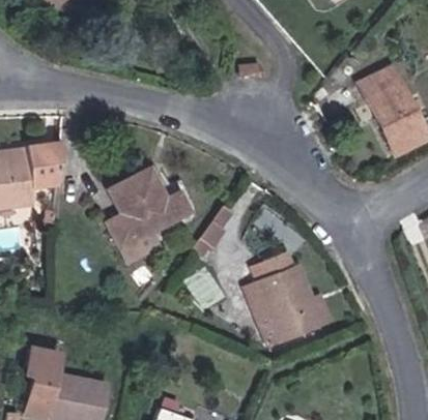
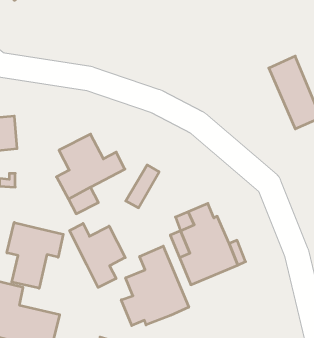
building: none -> [7,222,63,288]
building: none -> [70,223,125,287]
building: none -> [121,246,189,326]

